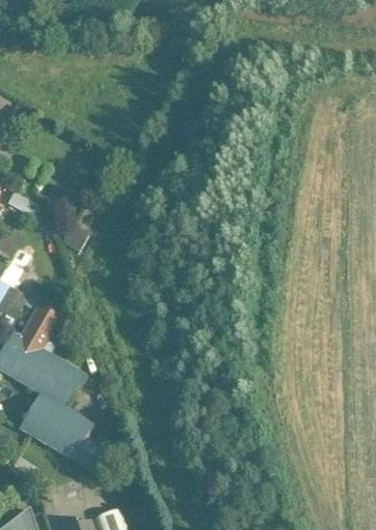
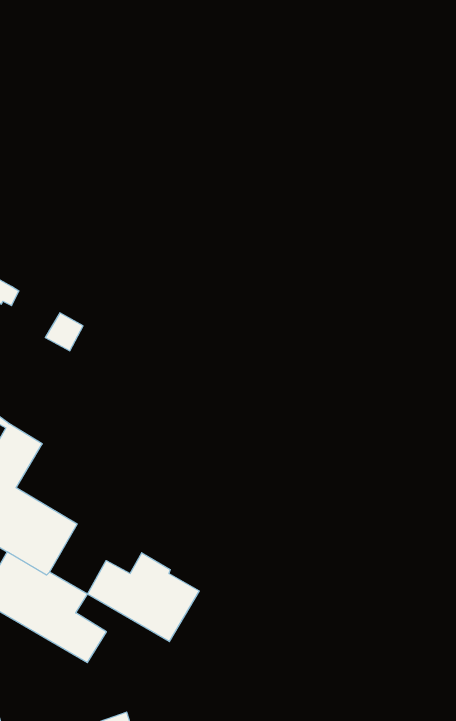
building: none -> [87,553,199,642]

